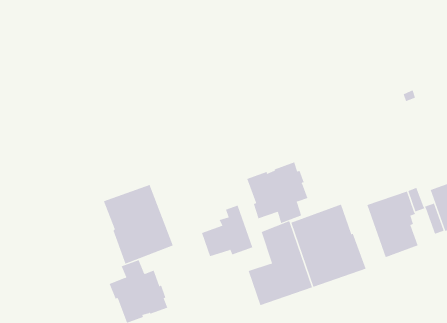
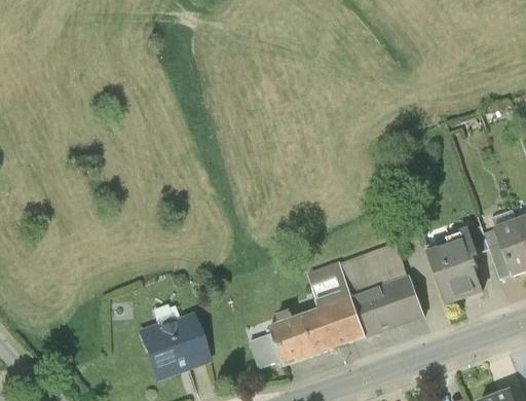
building: [247,162,308,224] -> none
building: [103,184,174,264] -> none
building: [201,205,253,257] -> [249,309,306,367]

